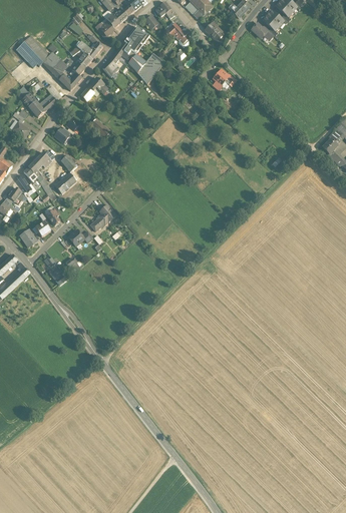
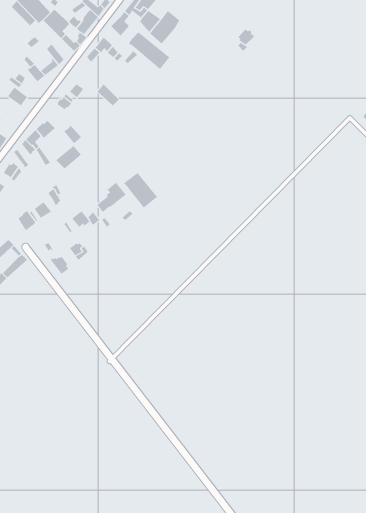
building: none -> [128,31,170,70]
building: none -> [124,172,158,208]

